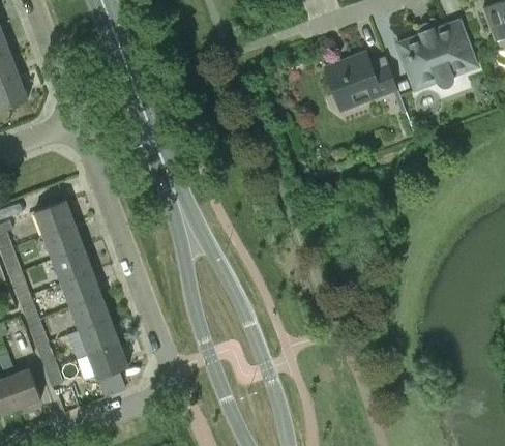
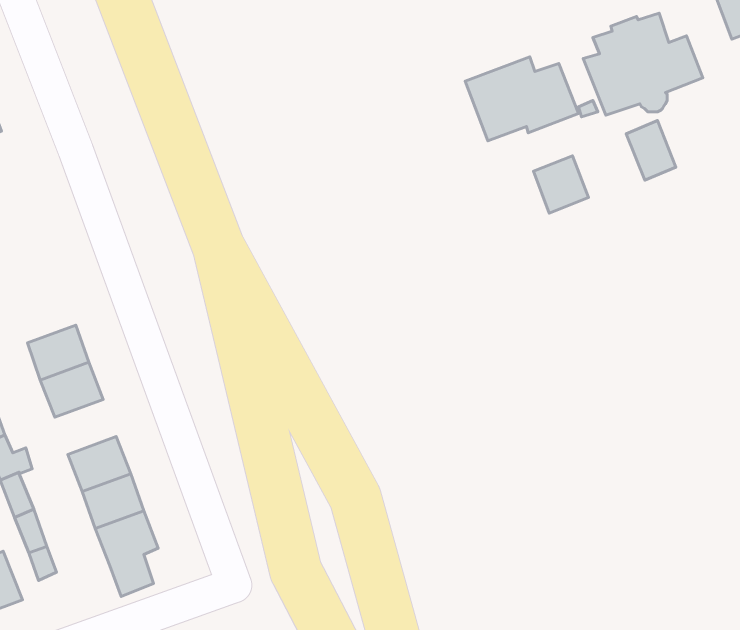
building: none -> [626,121,676,180]
building: none -> [533,156,588,213]
building: [34,201,75,236] -> none
building: [55,272,100,311] -> none

